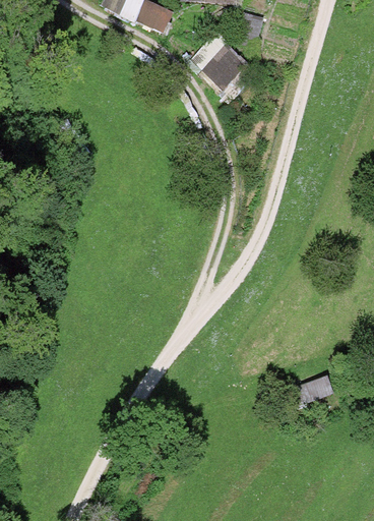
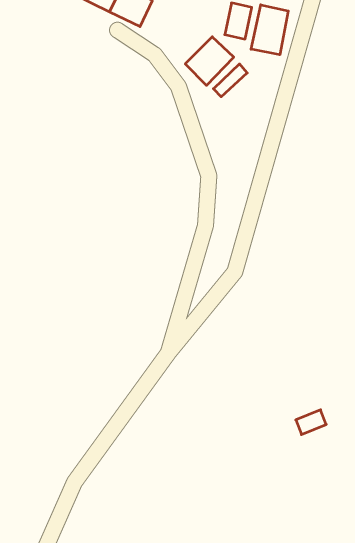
building: none -> [251,5,288,55]

